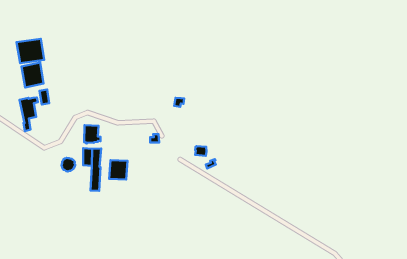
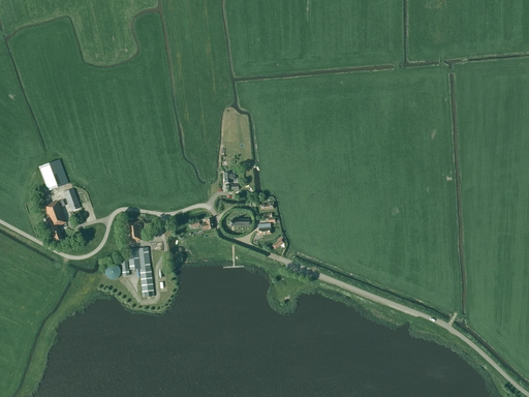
building: [17,39,44,63] -> none
building: [109,160,128,180] -> none

